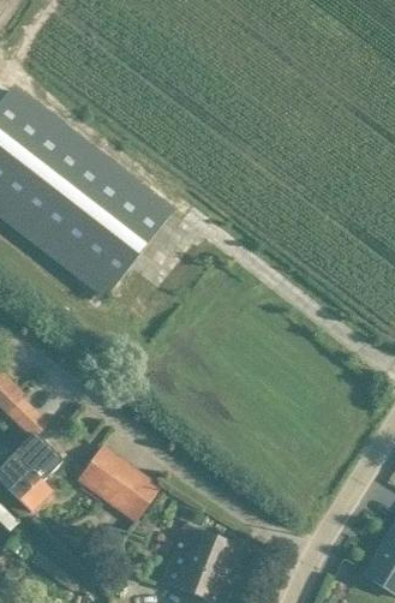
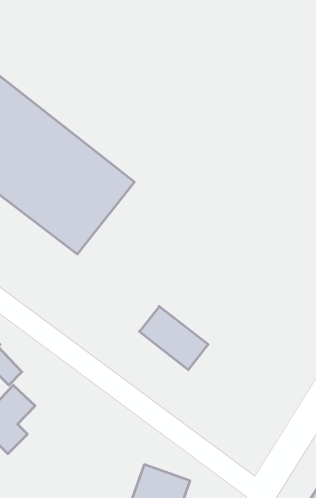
building: [88,446,163,515] -> [139,306,208,370]

